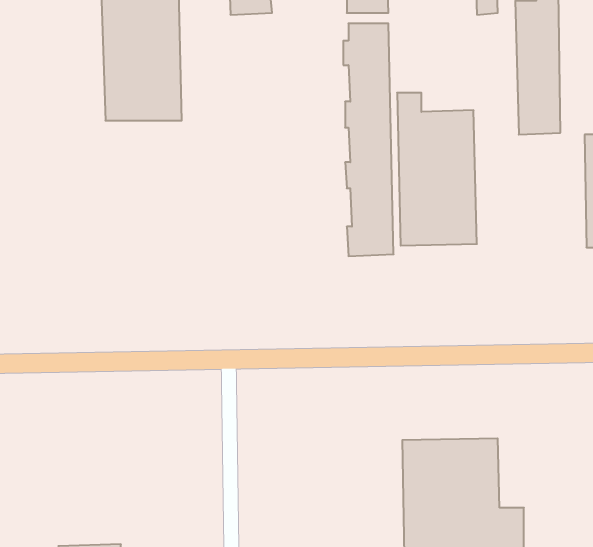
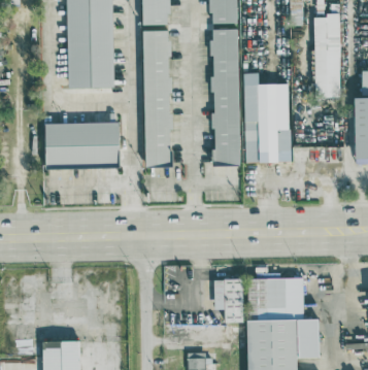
building: none -> [144,30,174,169]
building: none -> [46,123,121,170]
building: none -> [213,277,243,322]

